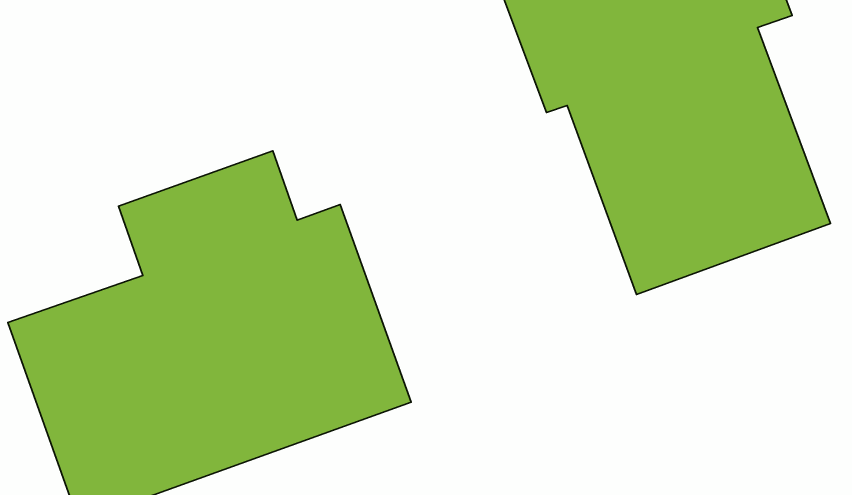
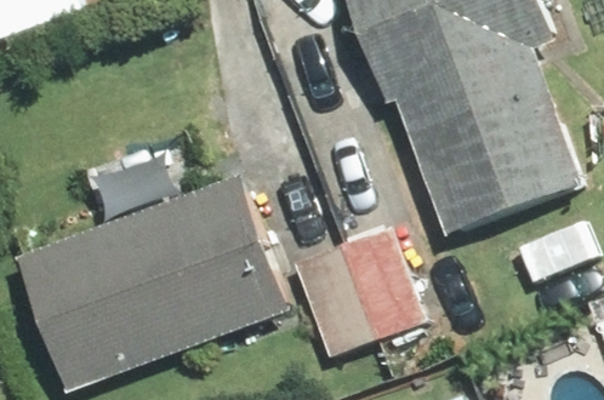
building: none -> [292,230,427,356]

